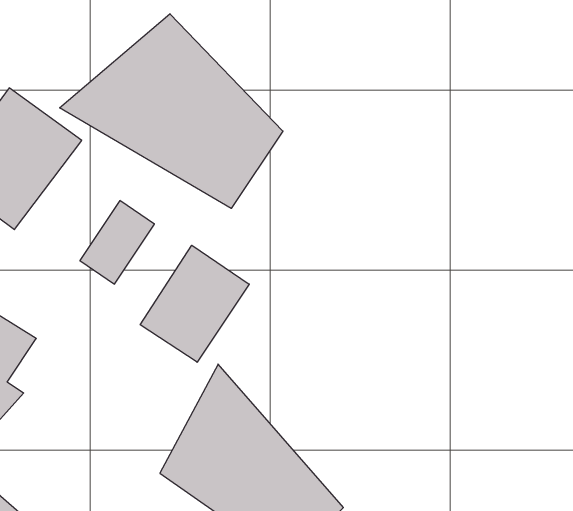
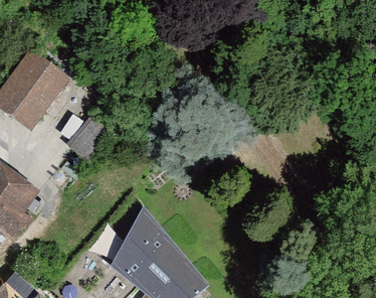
building: [60,14,283,208] -> none
building: [140,245,249,362] -> none

